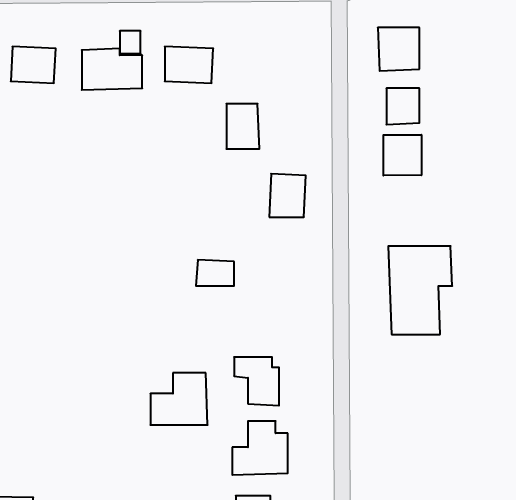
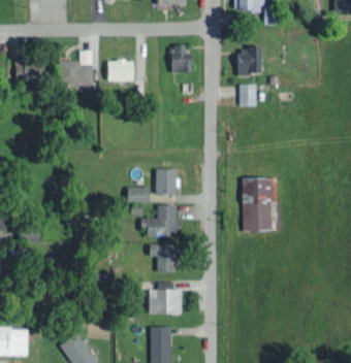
building: [226,104,259,149] -> [170,45,190,72]
building: [383,135,421,176] -> none
building: [269,174,306,217] -> [155,168,177,194]
building: [150,373,208,425] -> [143,205,178,236]

